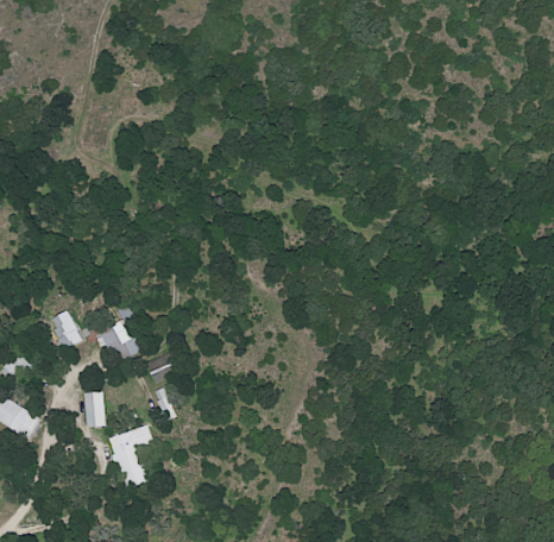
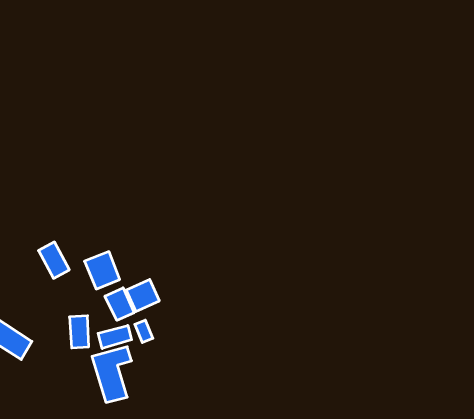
building: none -> [105,288,134,320]
building: none -> [98,325,132,349]

